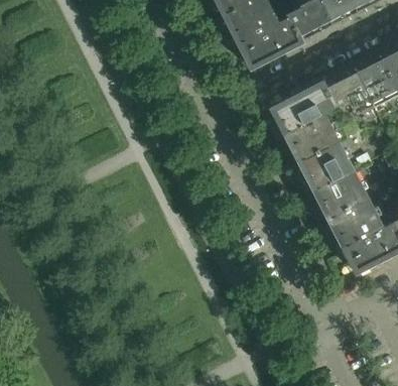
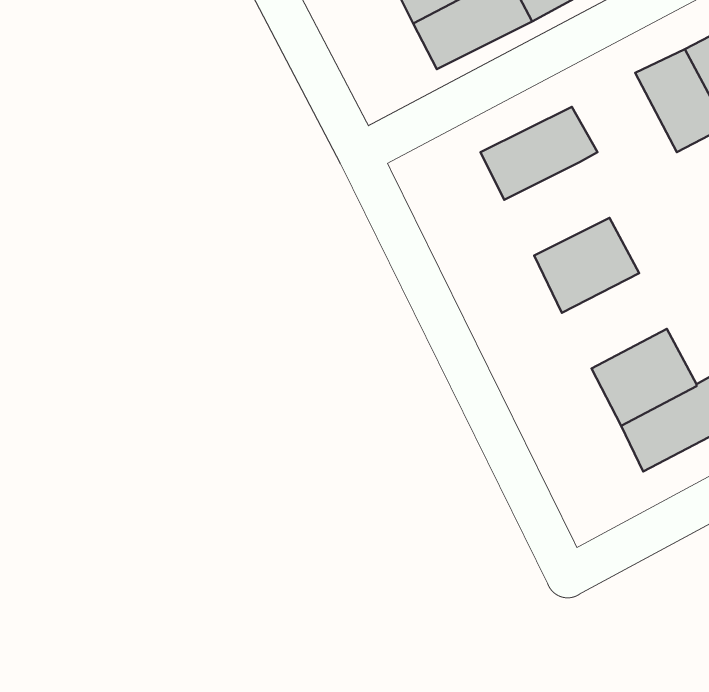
building: [318,67,372,112] -> none
building: [284,112,338,159] -> none
building: [313,168,367,217] -> none

